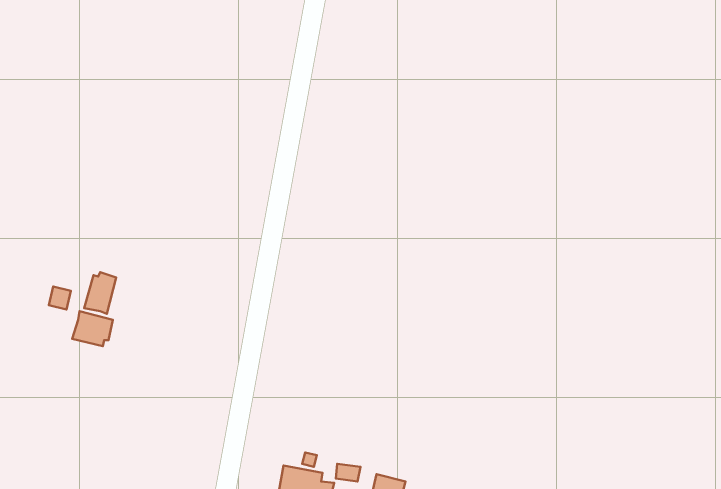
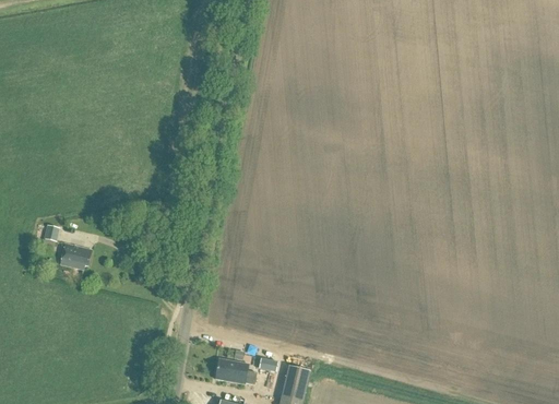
building: [84,272,116,314] -> none

